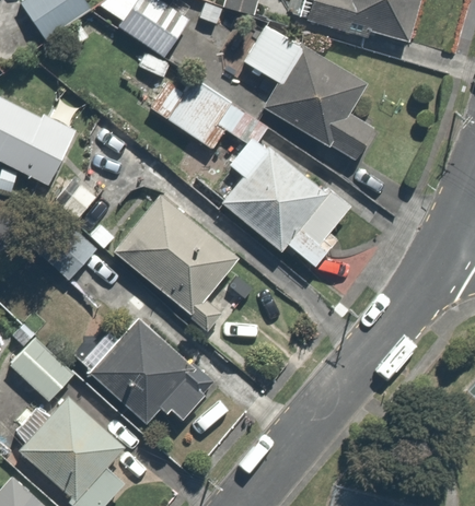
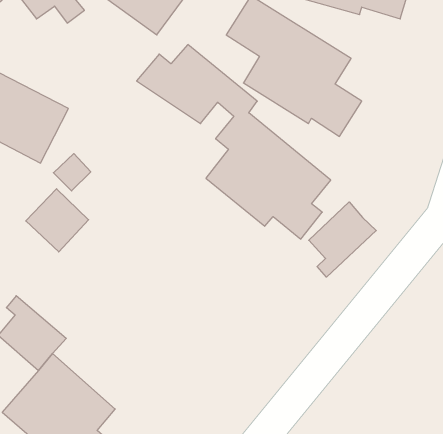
building: [91,191,234,337] -> none
building: none -> [309,202,376,277]
building: [83,315,210,424] -> none

